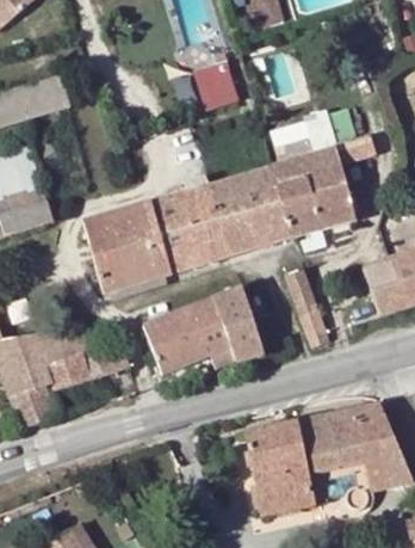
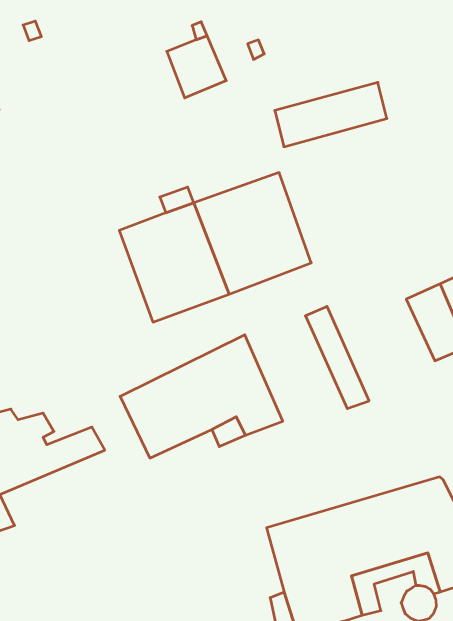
building: [274,134,376,235] -> none
building: [81,201,172,291] -> none

